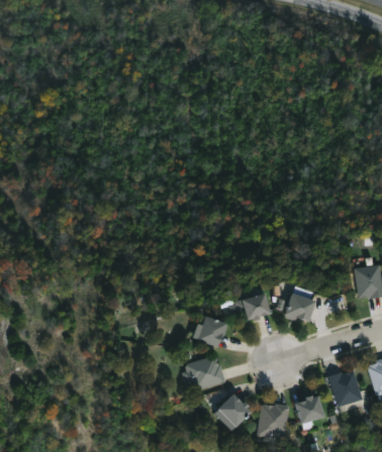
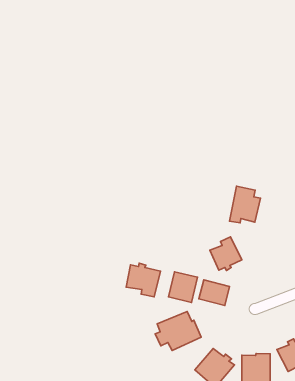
building: [285,286,317,322] -> [229,186,260,223]
building: none -> [126,263,161,297]
building: none -> [199,280,230,305]

